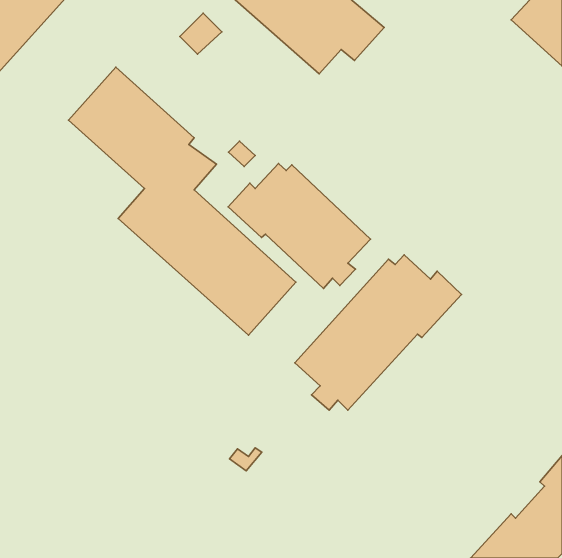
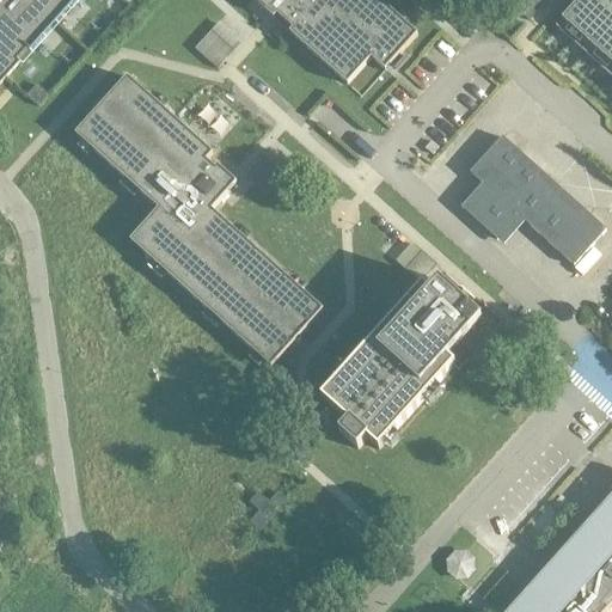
building: none -> [458,129,601,258]
building: [228,164,370,288] -> none

